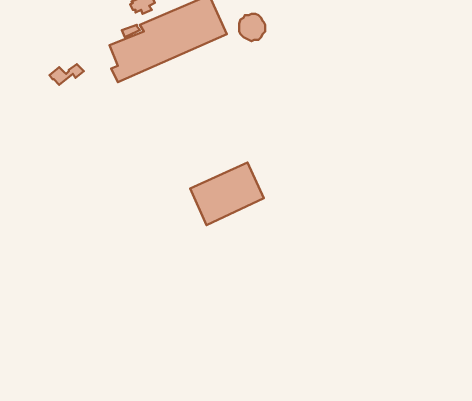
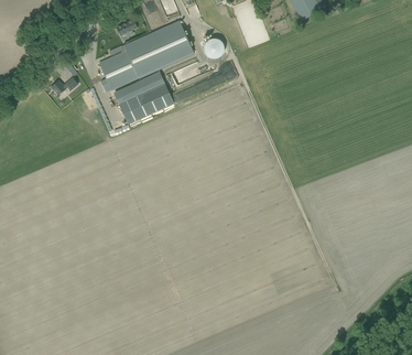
building: [190,163,264,225] -> [115,73,174,123]

